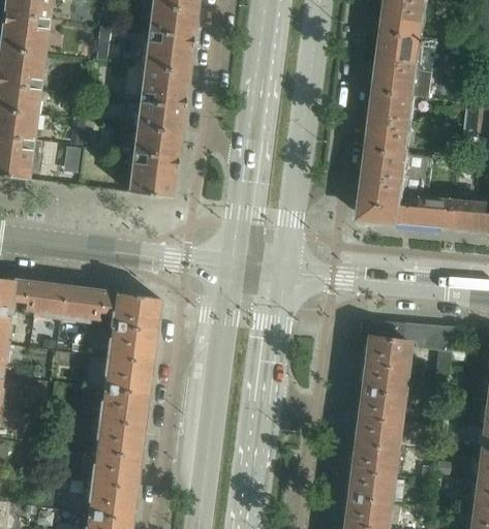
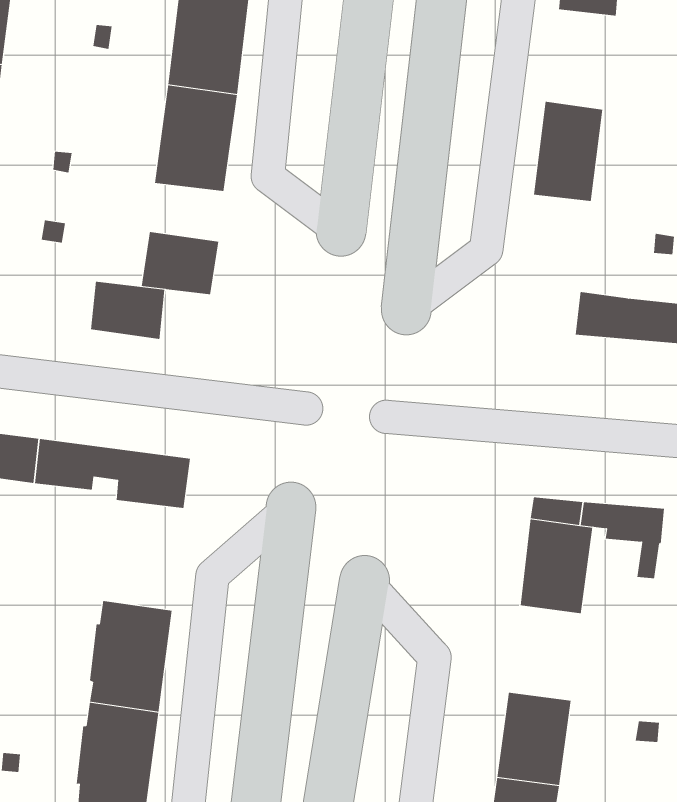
building: [378,22,423,84] -> none
building: [133,129,180,165] -> [90,281,165,340]
building: [361,136,434,223] -> none
building: [103,325,155,394] -> none
building: [356,391,401,449] -> none

